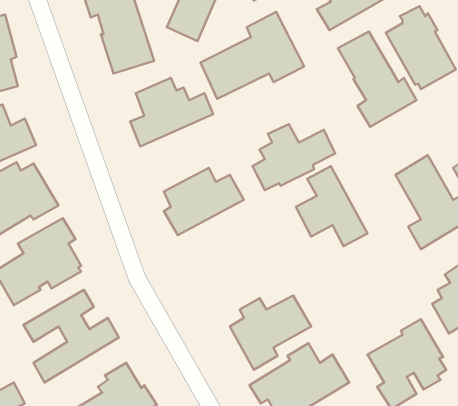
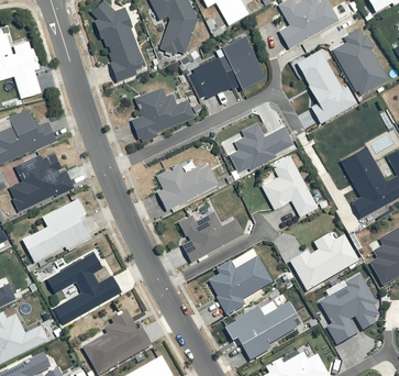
building: none -> [180,203,246,259]
building: none -> [288,233,358,290]

